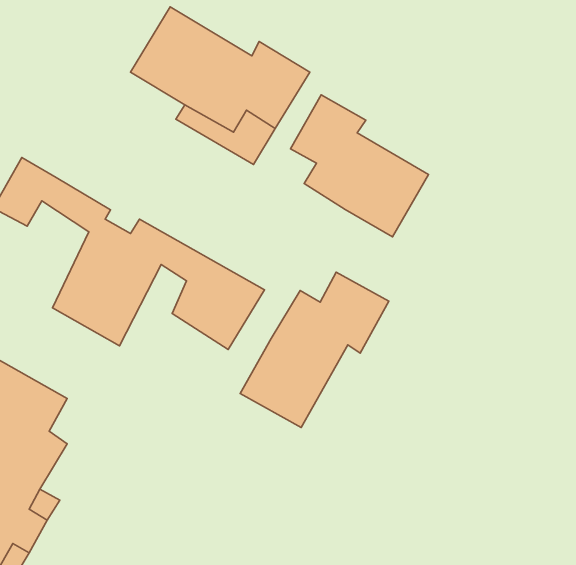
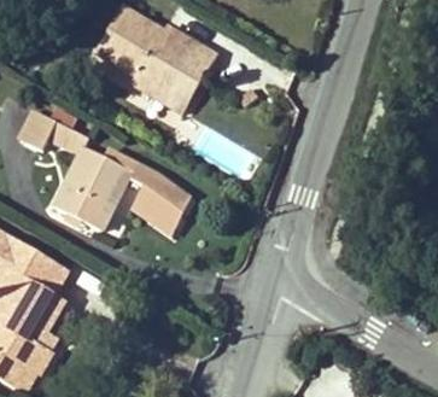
building: [291,95,428,237] -> none
building: [240,272,389,427] -> none

